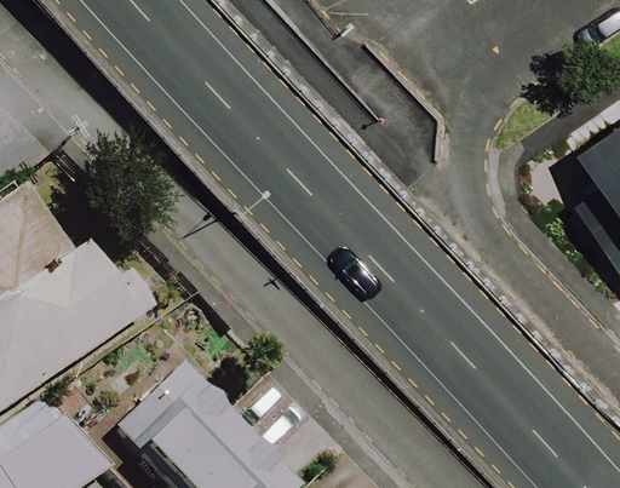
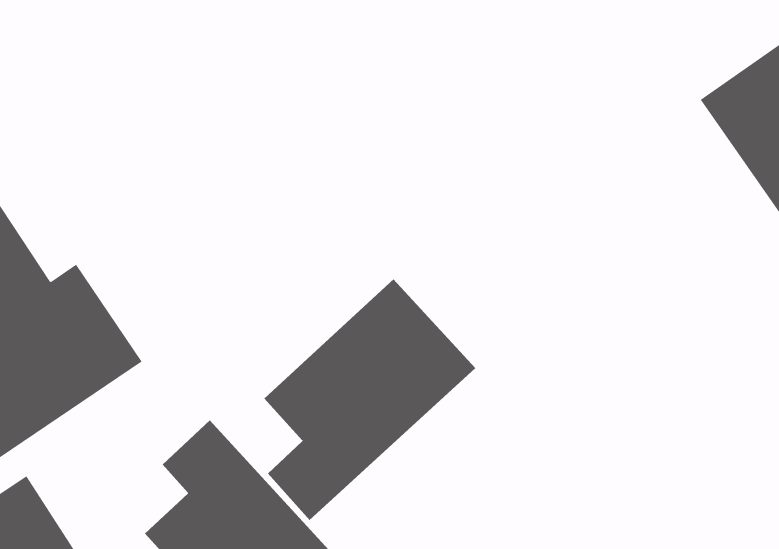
building: none -> [264,279,476,521]

